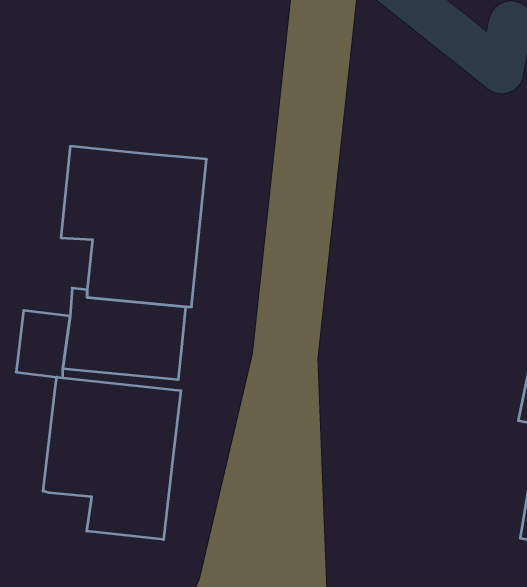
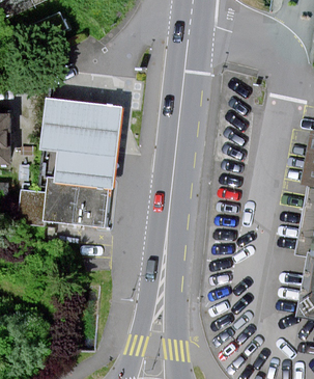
building: [43,377,181,540] -> none

